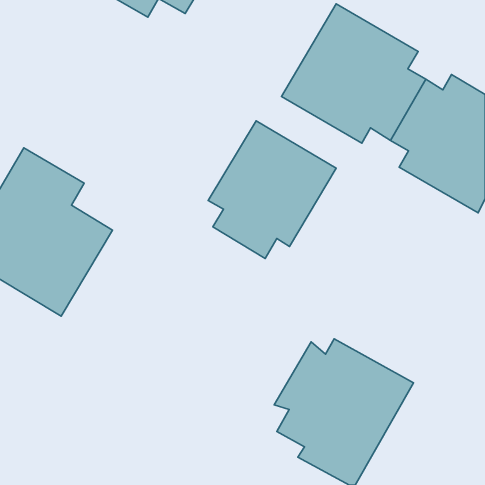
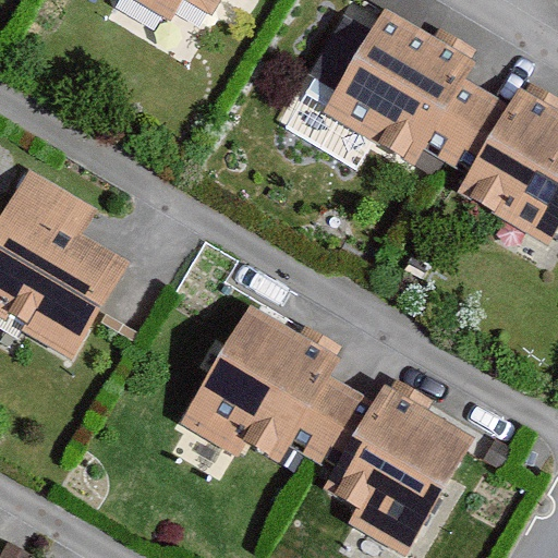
building: [208,121,336,258] -> none
building: none -> [179,306,355,462]

